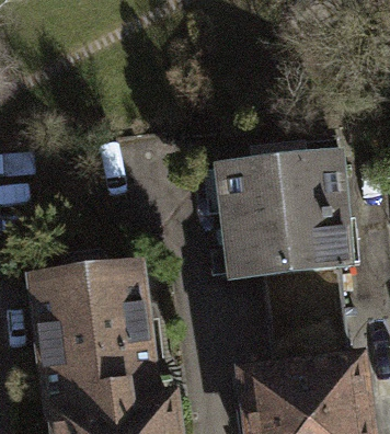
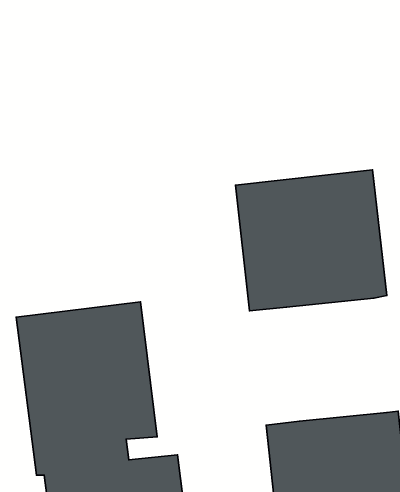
building: [264,262,349,367] -> none

